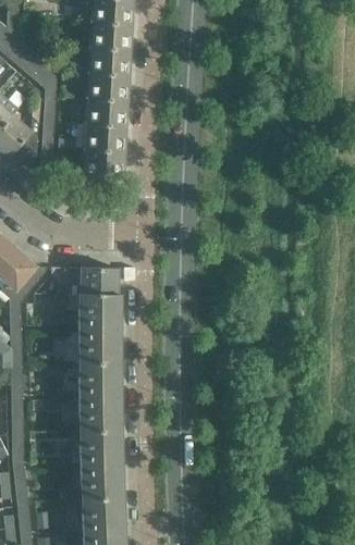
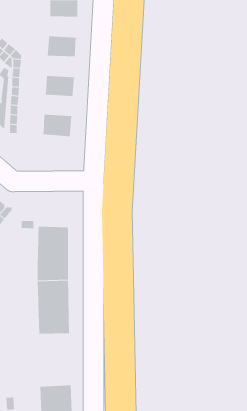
building: [91,22,130,49] -> none
building: [88,73,126,100] -> none
building: [85,123,123,150] -> none
building: [78,267,115,294] -> none
building: [78,431,121,499] -> none

